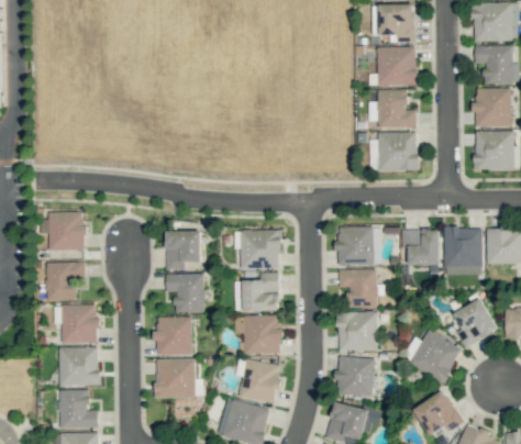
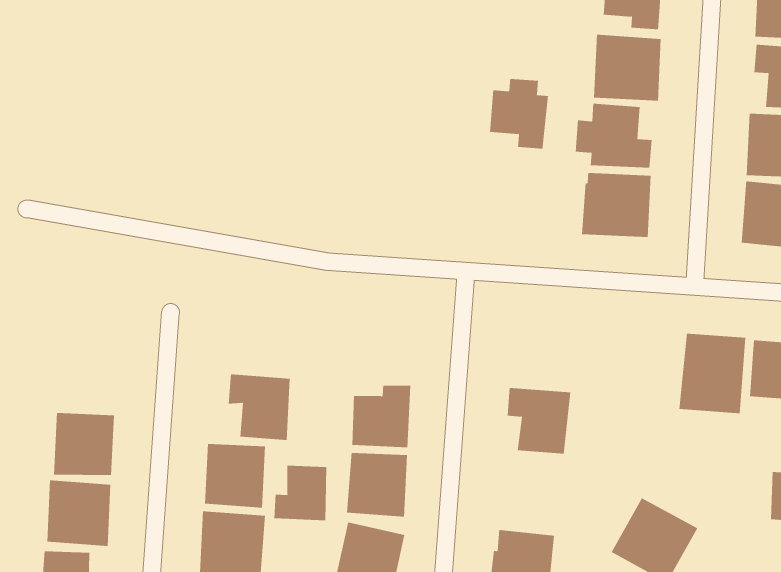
building: none -> [490,78,549,149]
building: [44,212,86,251] -> none
building: [333,226,373,266] -> none
building: [234,230,279,269] -> none
building: [402,230,441,266] -> none
building: [165,231,202,270] -> none
building: [46,263,85,301] -> none
building: [454,298,499,348] -> none
building: [337,311,378,351] -> none
building: none -> [274,465,327,521]

